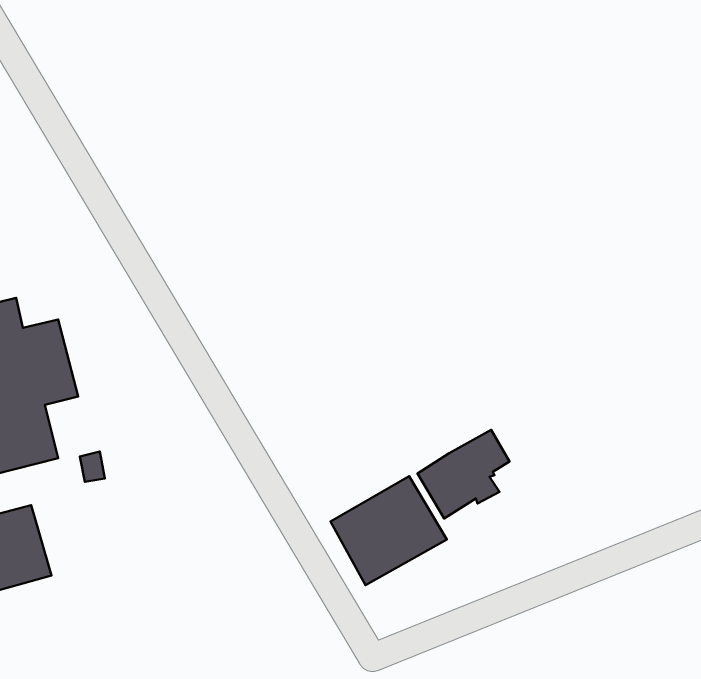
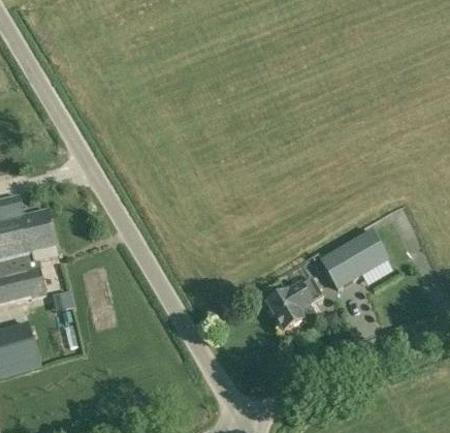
building: none -> [322,229,389,286]
building: [331,476,447,585] -> none

